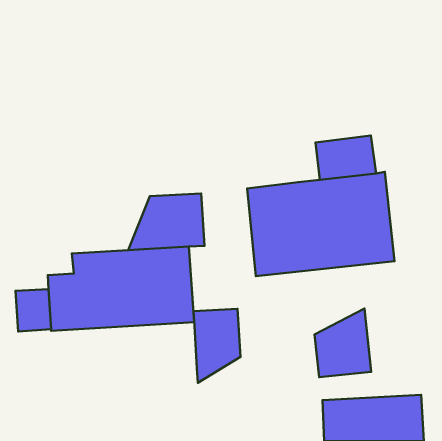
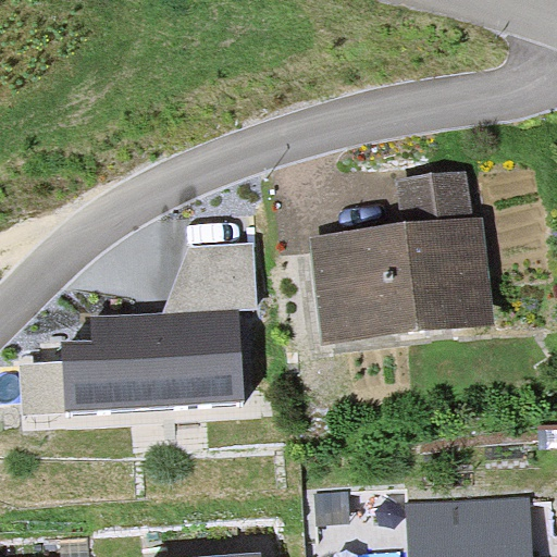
building: [314,308,371,377] -> none
building: [193,309,241,383] -> none

